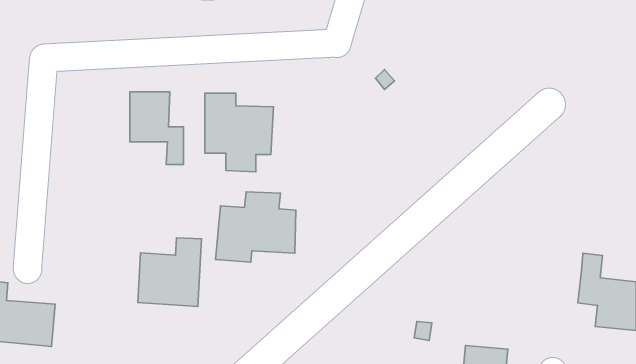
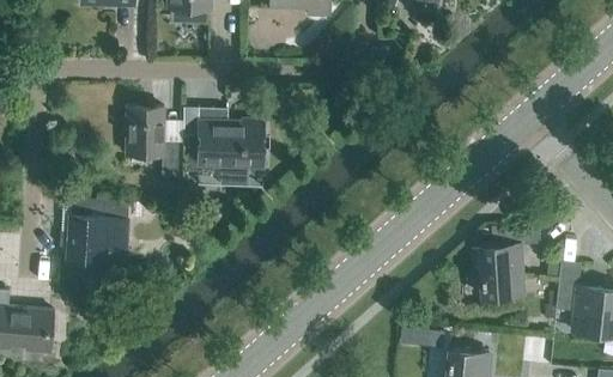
building: [215,192,296,262] -> none
building: none -> [478,225,539,298]
building: [138,238,202,306] -> [67,201,128,267]

